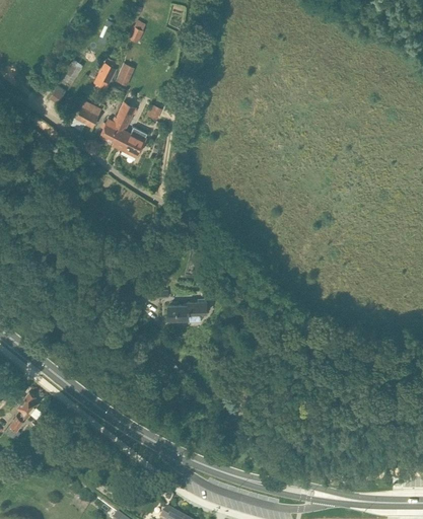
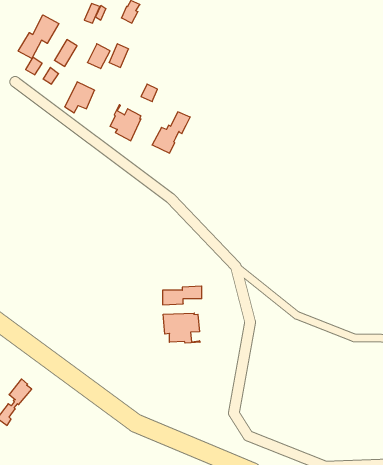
building: none -> [18,15,59,59]
building: [98,103,136,144] -> [152,112,190,153]
building: none -> [163,313,200,343]

